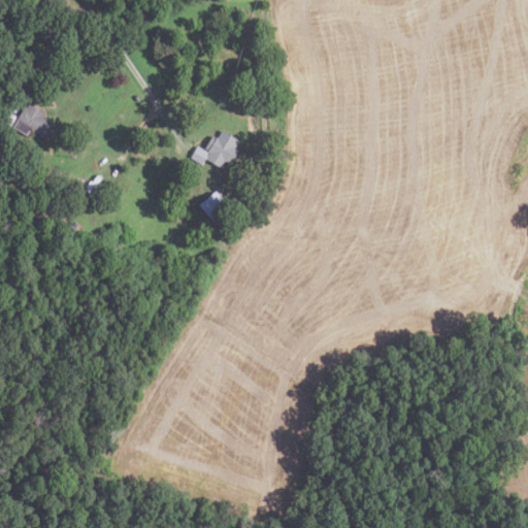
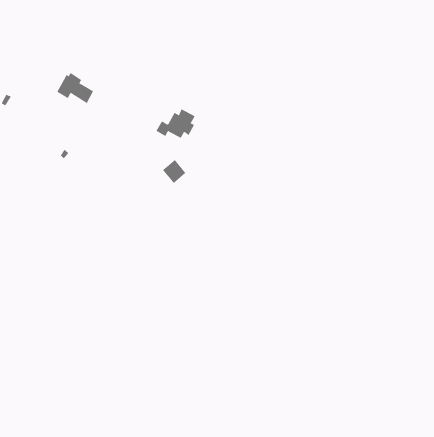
building: [13,104,59,142] -> [56,72,94,104]

